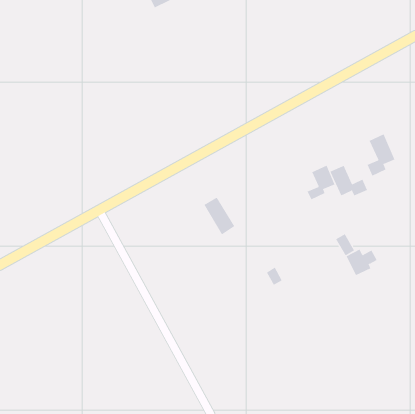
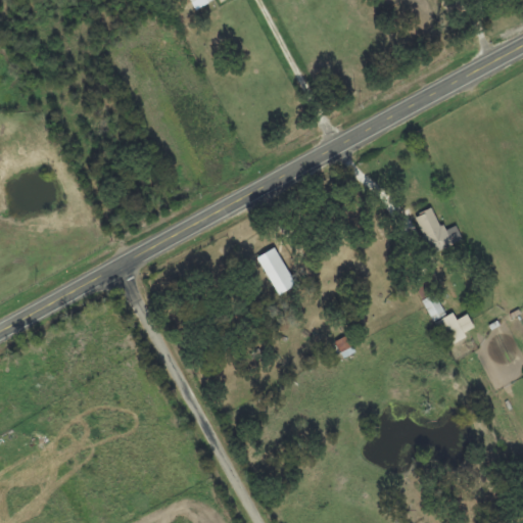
building: [367,134,395,176] -> none
building: [307,165,335,200] -> none

